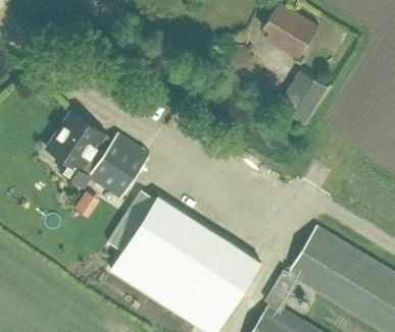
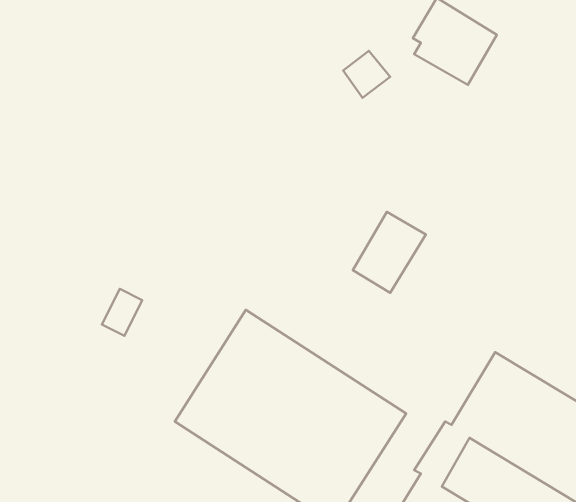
building: [282,72,328,123] -> [353,212,426,293]
building: [47,112,151,199] -> none
building: [110,193,156,253] -> none

